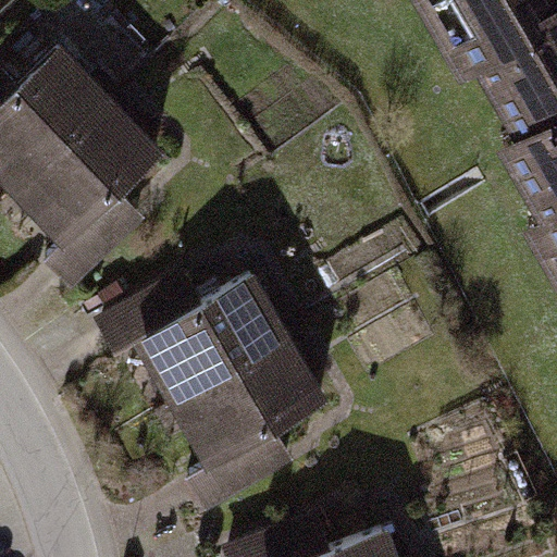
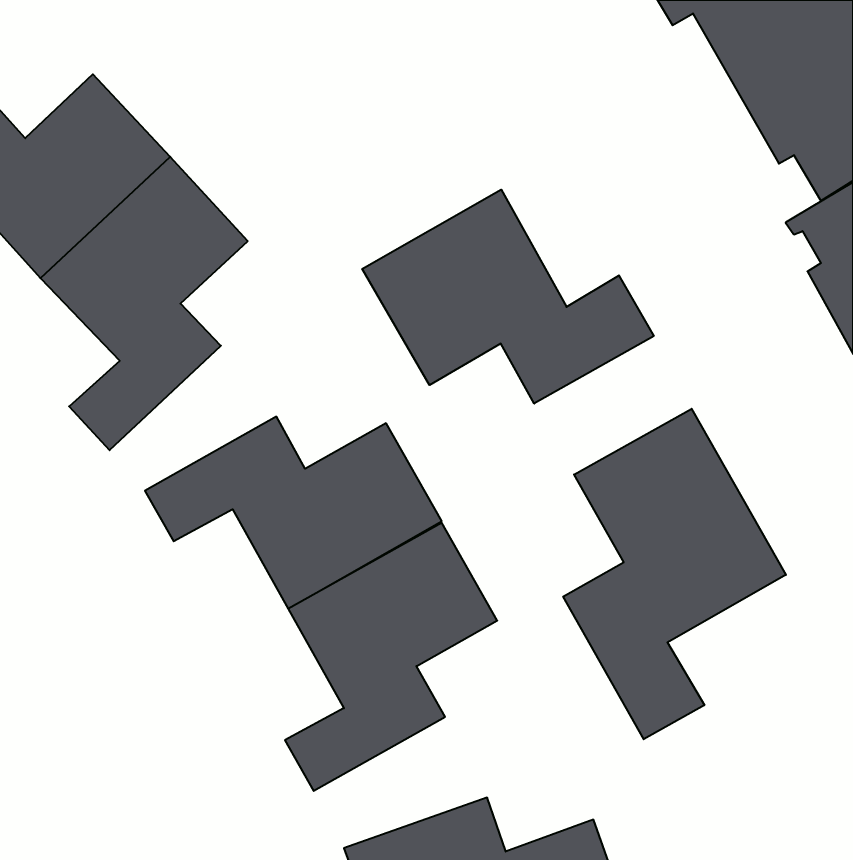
building: none -> [362,190,654,404]
building: none -> [563,409,786,739]

